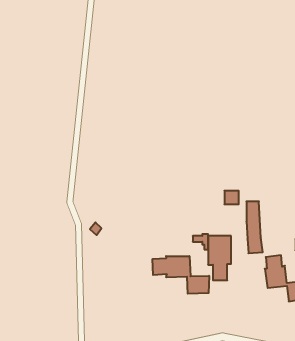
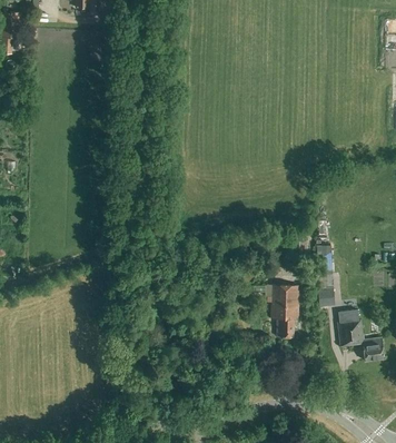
building: [153,256,209,294] -> none

